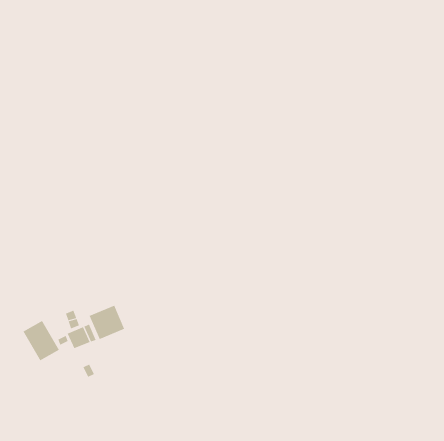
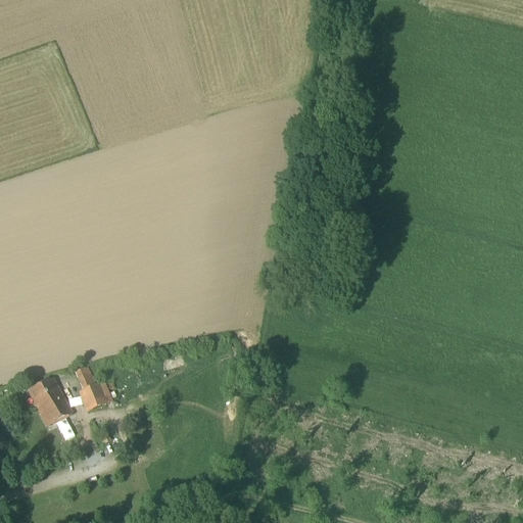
building: [89,305,125,340] -> none

